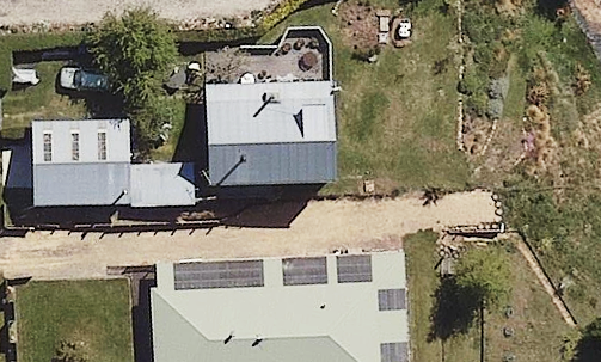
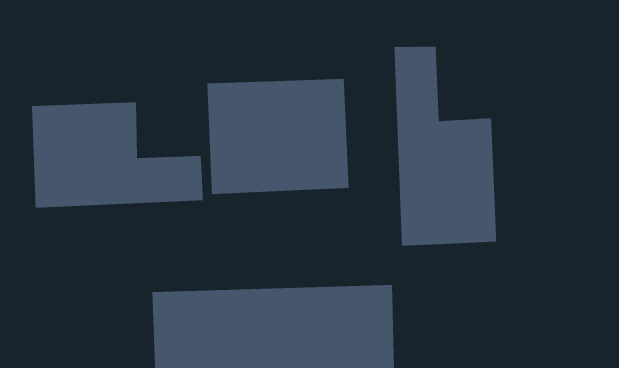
building: none -> [394,46,497,247]

